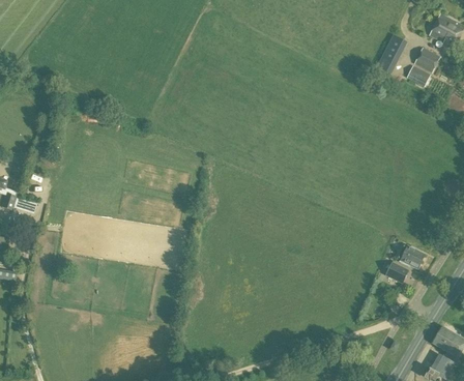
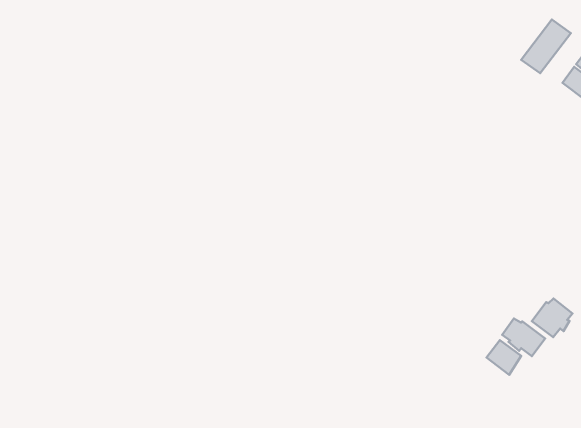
building: none -> [532,299,572,337]

